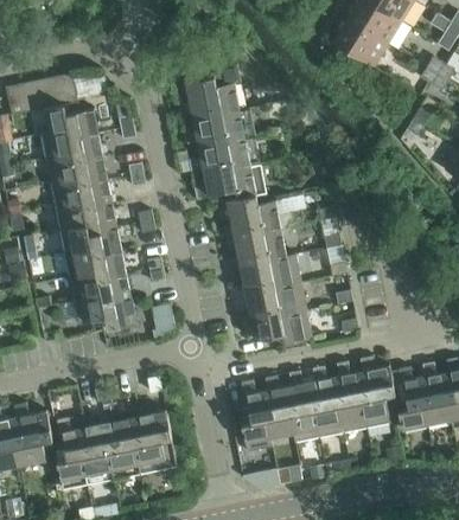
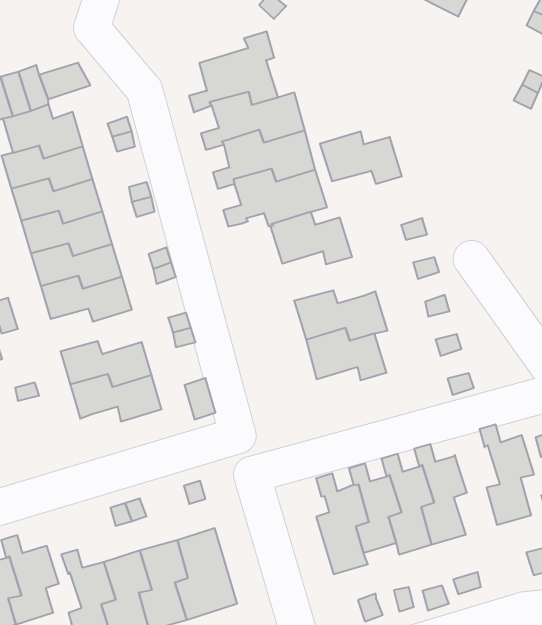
building: [231,223,287,261] -> [320,131,402,184]
building: [64,248,127,281] -> none
building: [248,307,311,345] -> none
building: [336,361,370,432] -> none

